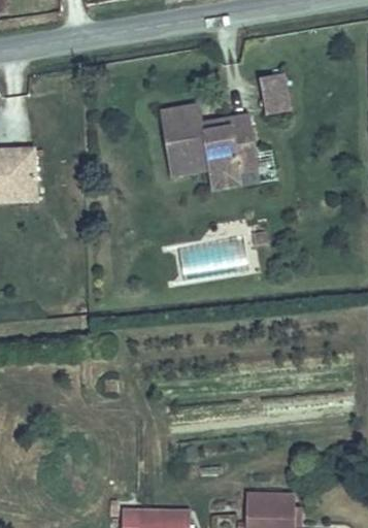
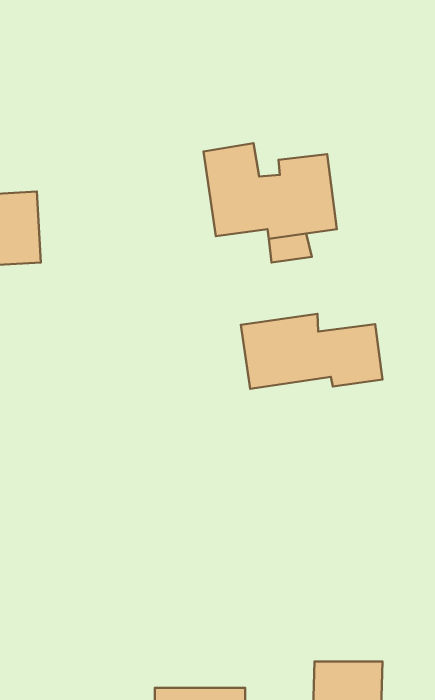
building: [258,73,290,116] -> none
building: none -> [241,314,382,389]

